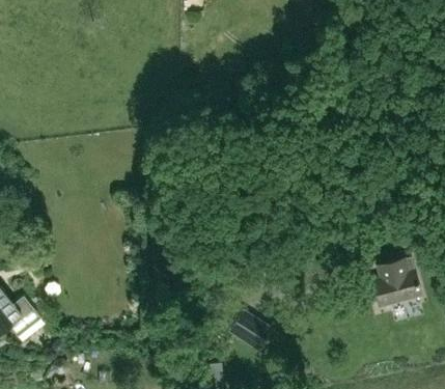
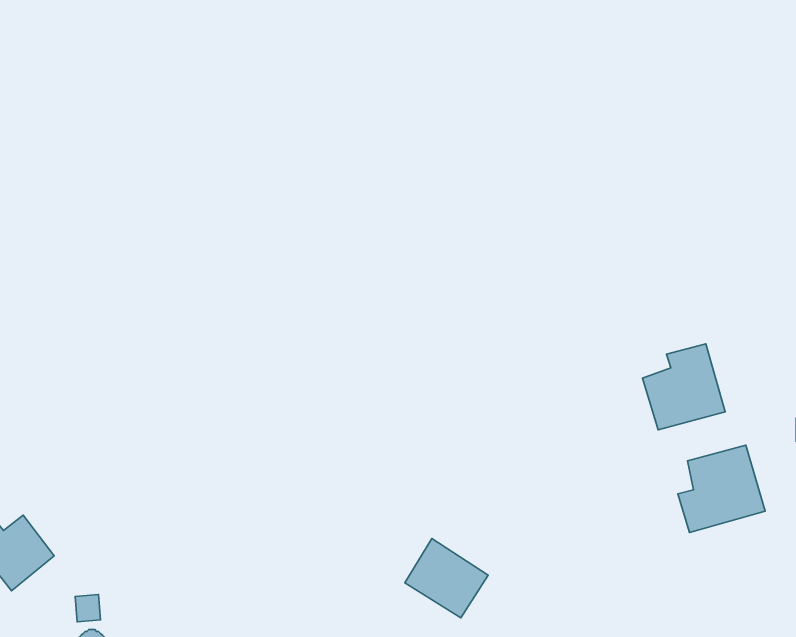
building: none -> [643,344,725,430]

